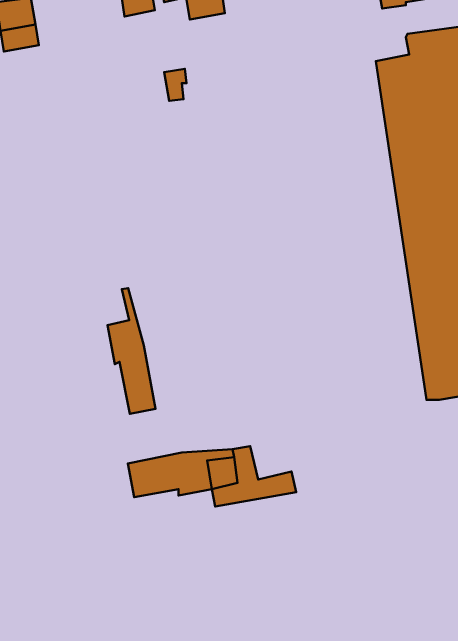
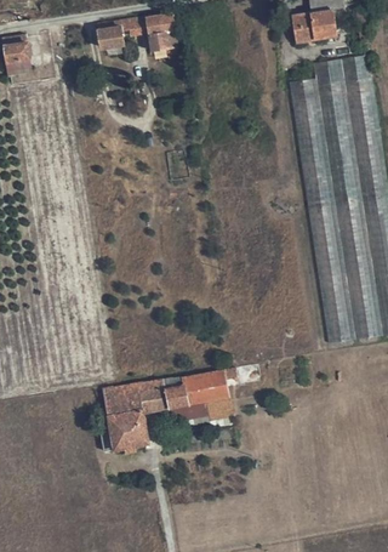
building: [108,288,155,414] -> none
building: none -> [195,369,236,402]
building: none -> [96,409,145,450]

